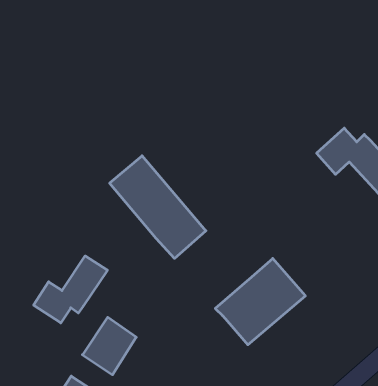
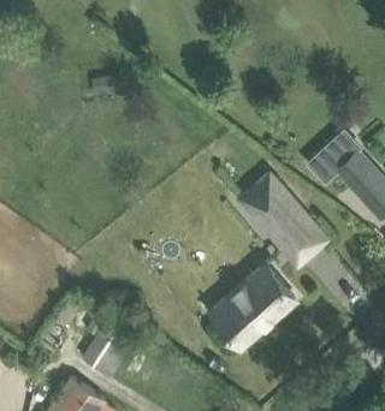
building: [110,156,206,258] -> [237,171,330,269]
building: [34,256,107,323] -> none

